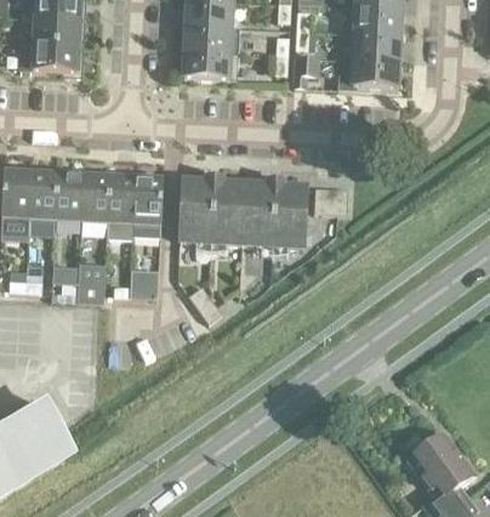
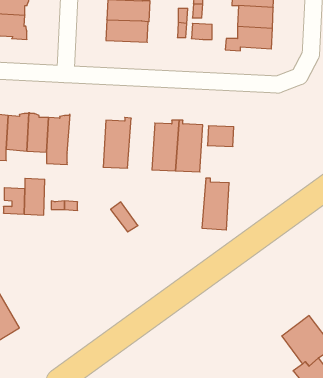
building: [133,172,164,235] -> none
building: [211,177,246,244] -> [202,178,229,230]

